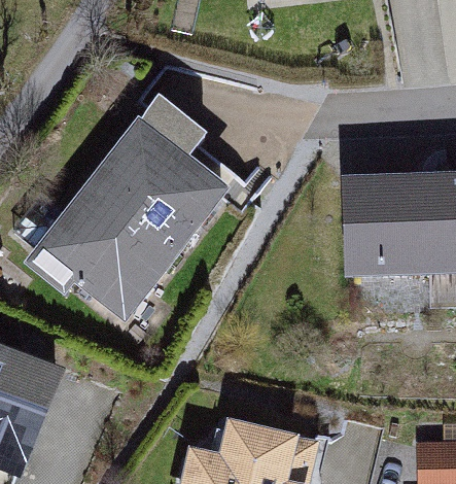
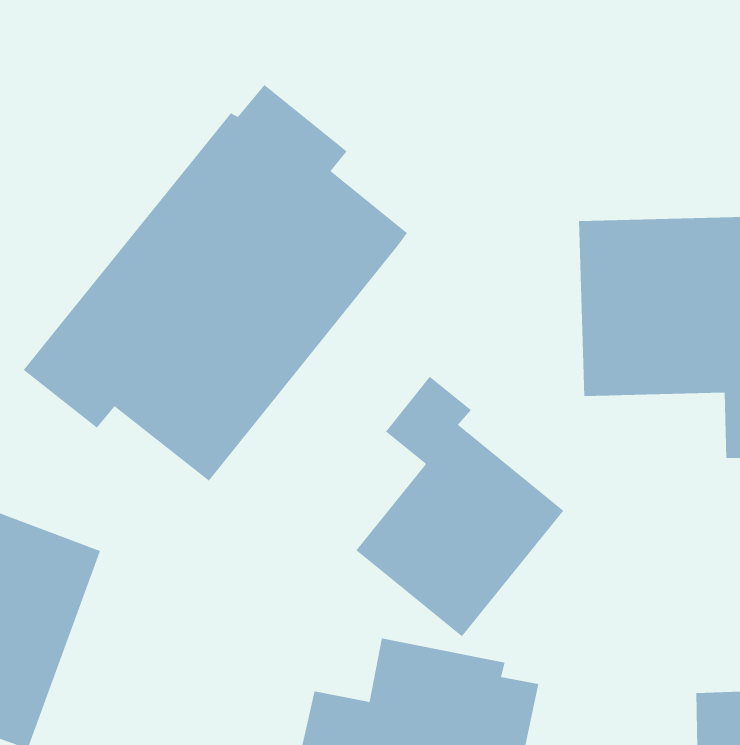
building: none -> [355,376,564,637]

